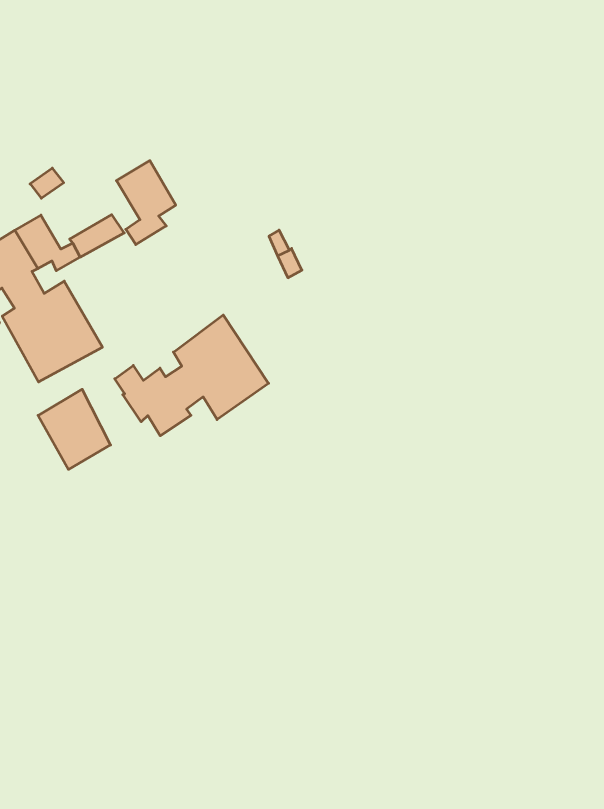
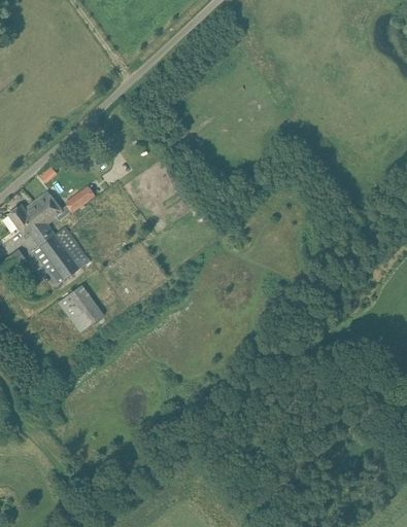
building: [116,161,176,245] -> none
building: [115,315,269,436] -> none

